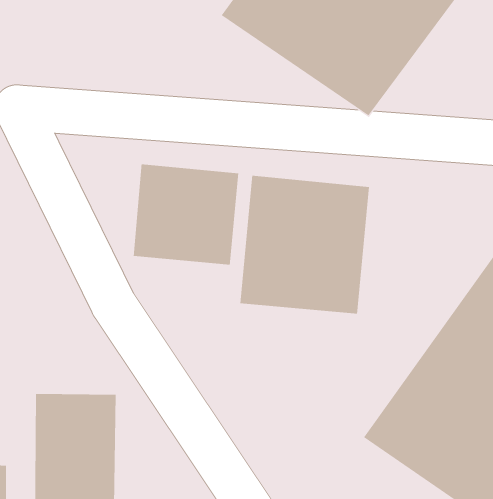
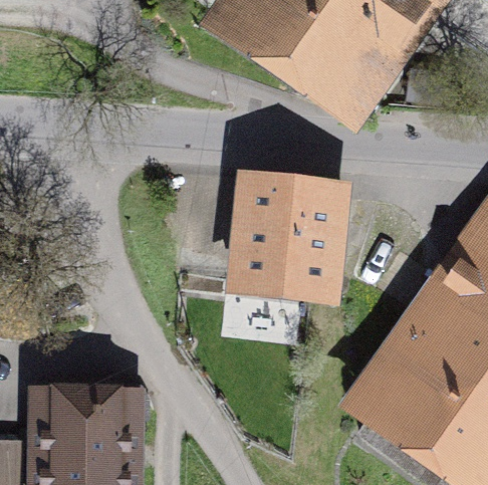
building: [133,164,239,265] -> none

